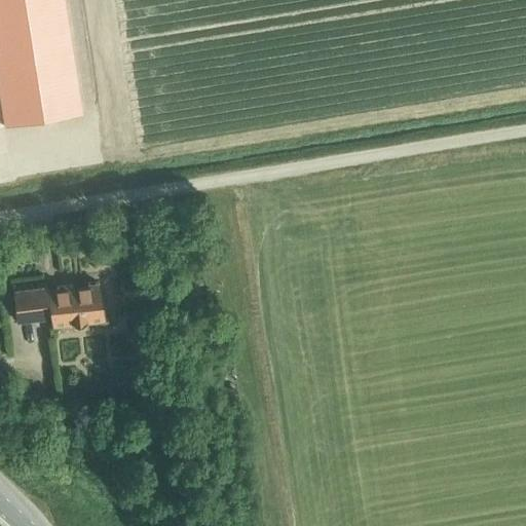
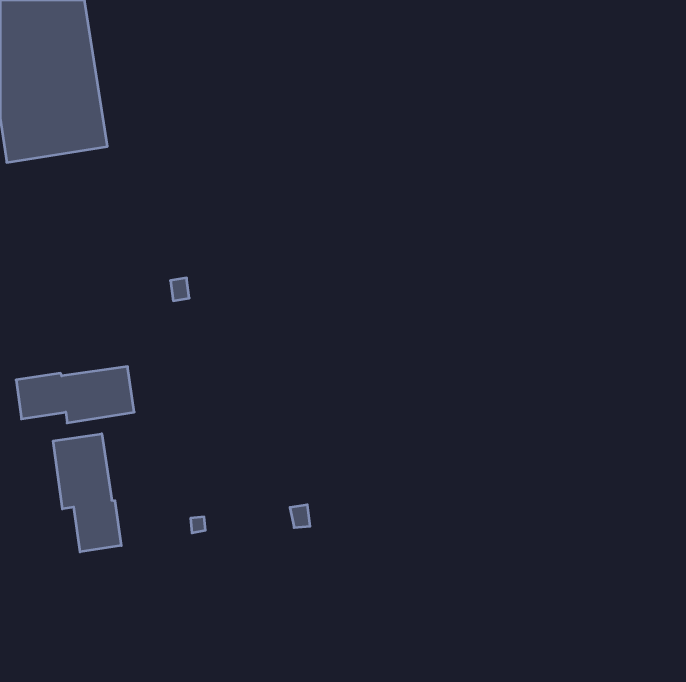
building: none -> [53,434,121,552]

